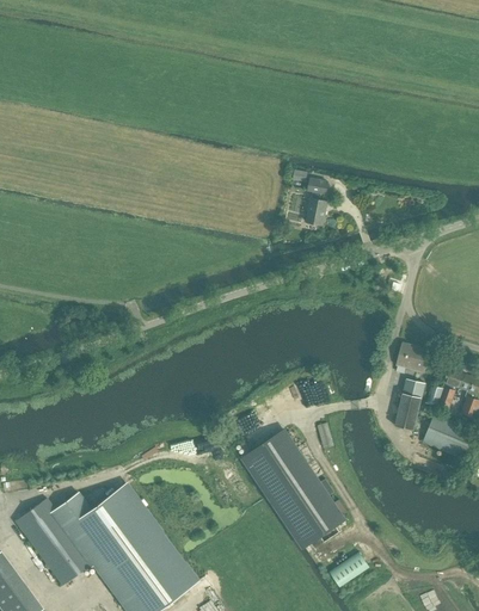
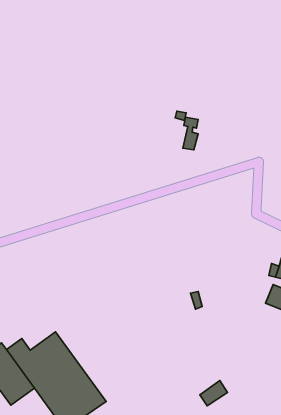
building: [397,342,429,372] -> none
building: [395,379,424,431] -> none
building: [244,430,343,545] -> none

